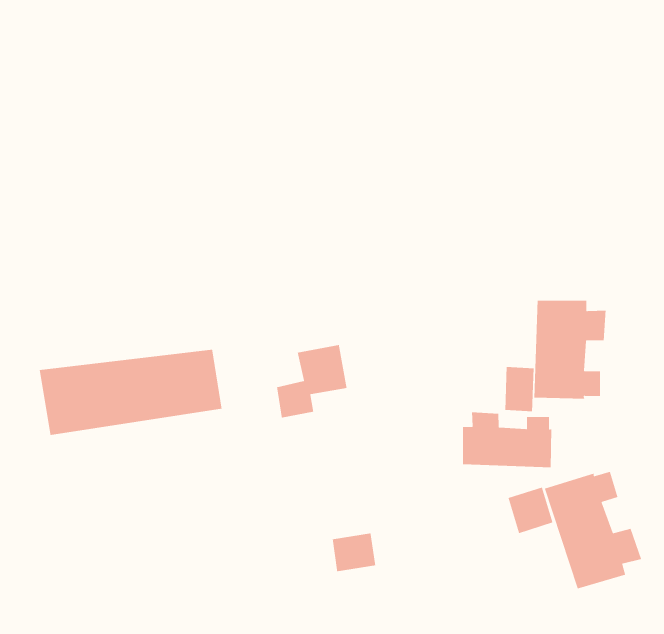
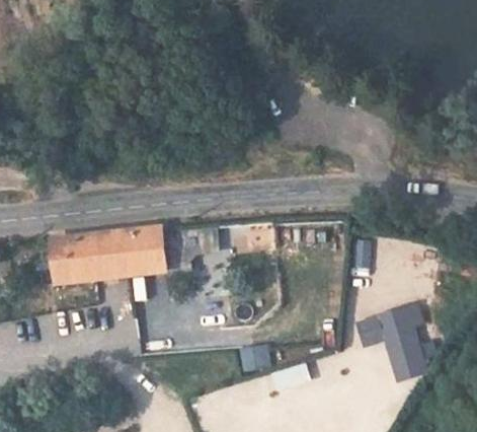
building: [533,300,606,399] -> none
building: [462,412,552,468] -> none

